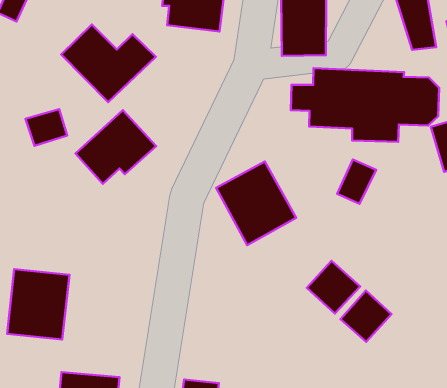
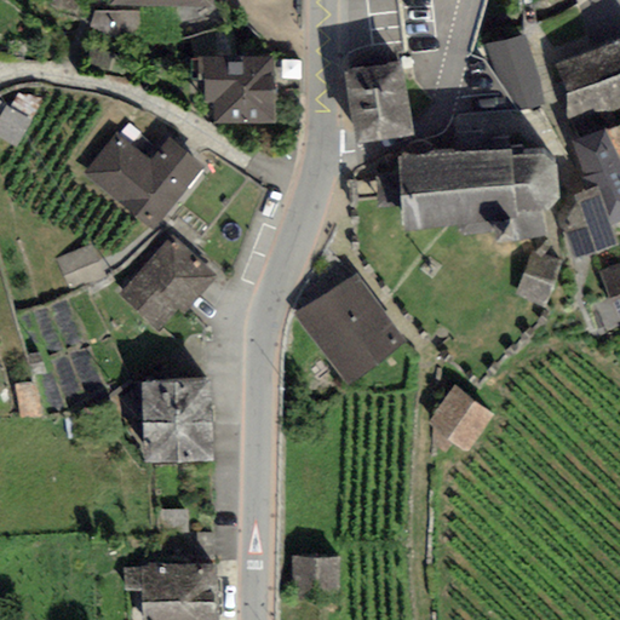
building: [337,160,376,204] -> [515,254,558,308]
building: [7,269,69,340] -> [142,375,213,459]
building: [341,290,392,342] -> none

